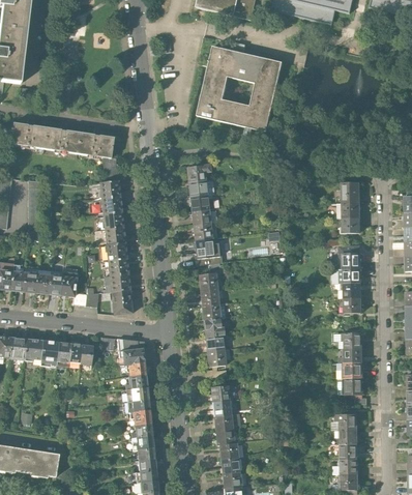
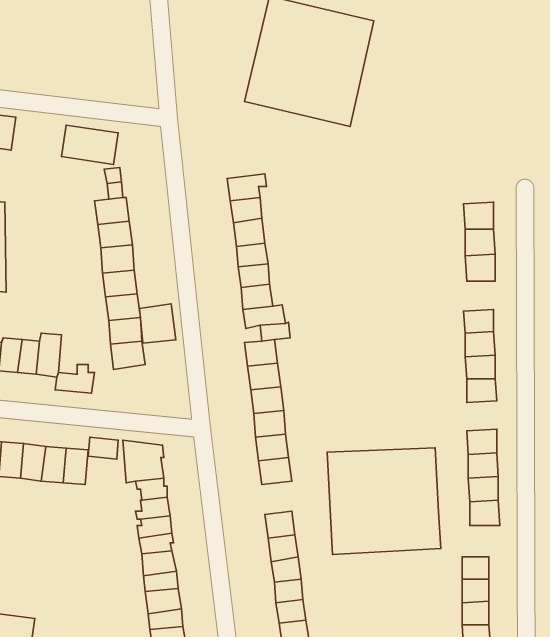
building: [43,125,80,151] -> none
building: [111,288,135,314] -> [140,304,176,343]
building: none -> [327,448,441,554]

